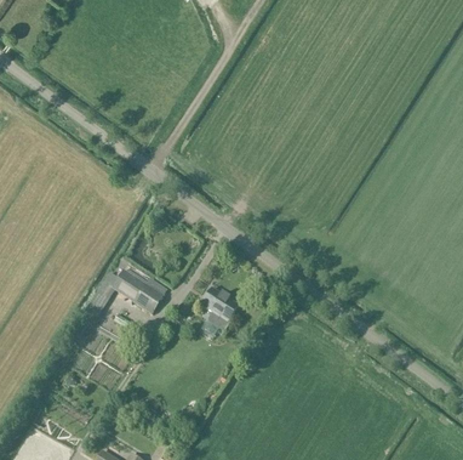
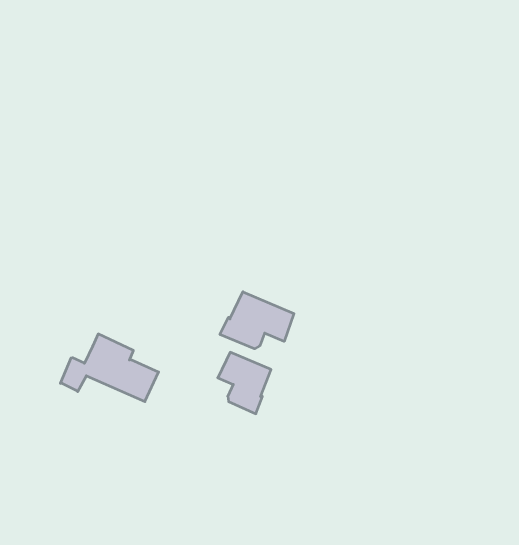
building: none -> [220,292,294,349]

